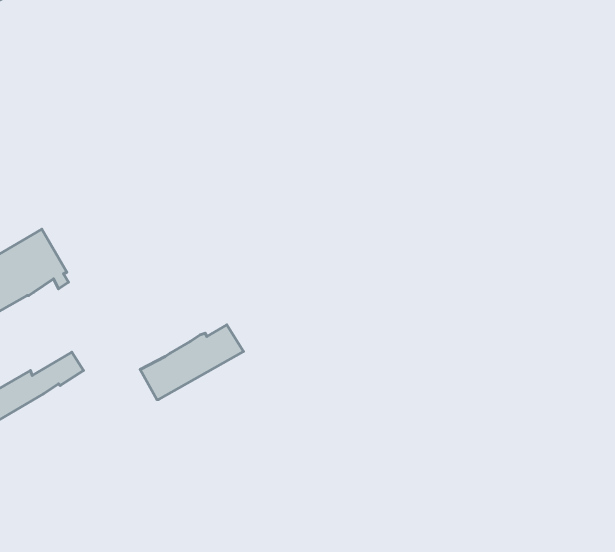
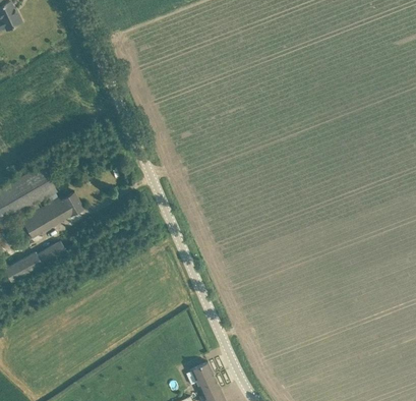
building: [140,325,243,400] -> [21,192,84,238]

